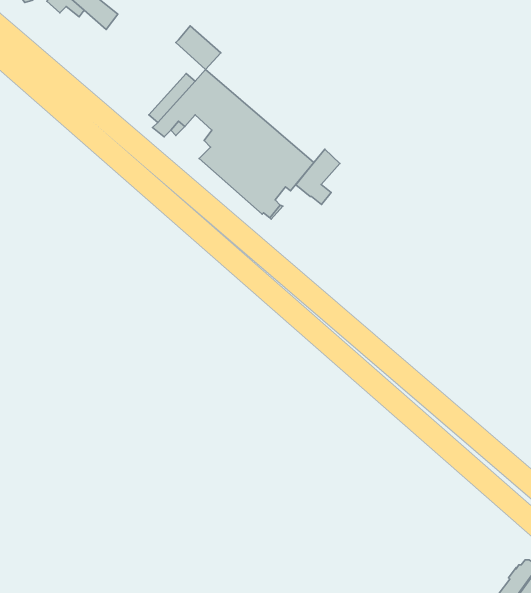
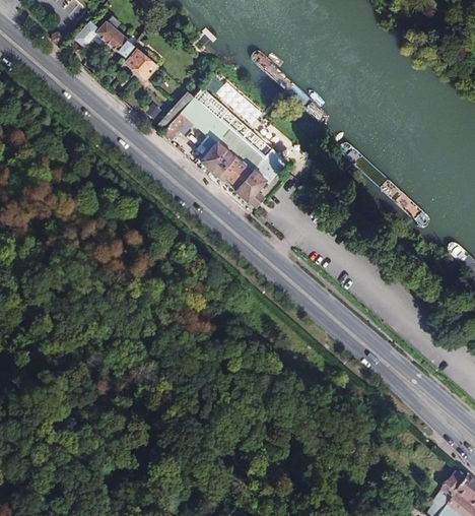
building: [176,26,221,70] -> [122,46,157,80]
building: [296,149,340,205] -> none

